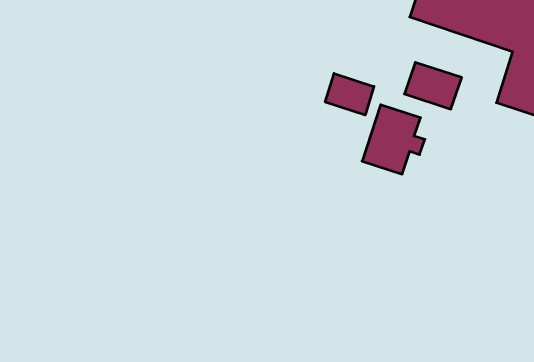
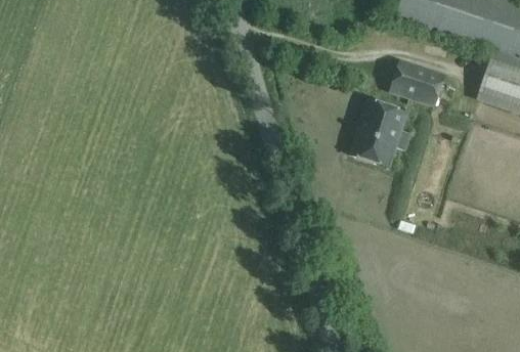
building: [325,73,374,115] -> none

